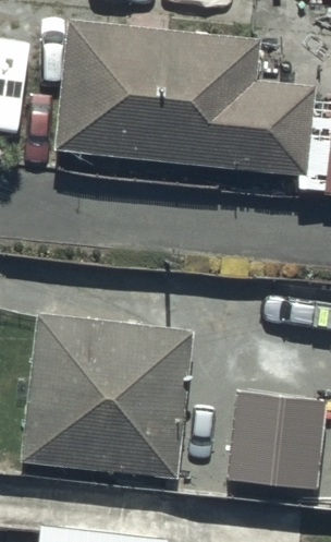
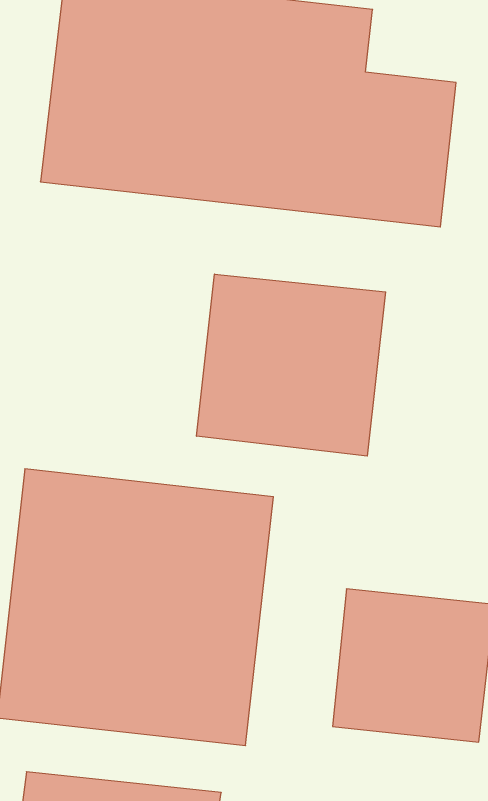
building: none -> [197,274,386,456]

